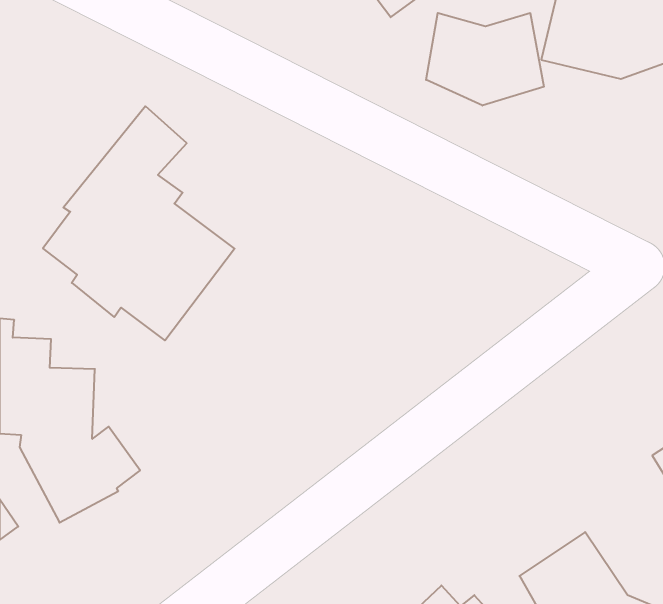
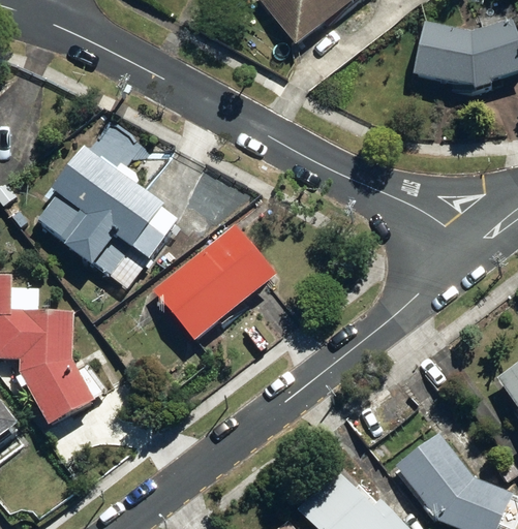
building: [426,13,544,106] -> none
building: none -> [151,223,276,342]

